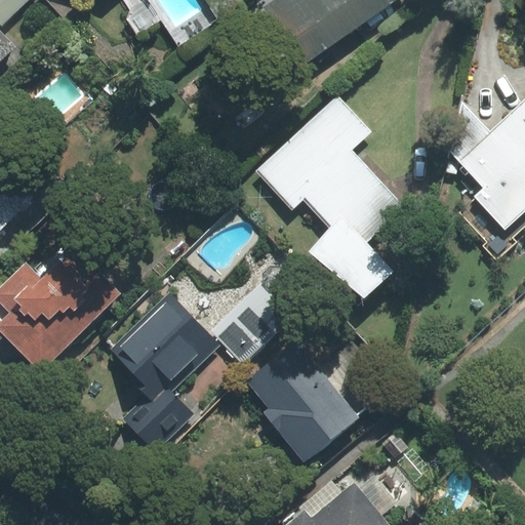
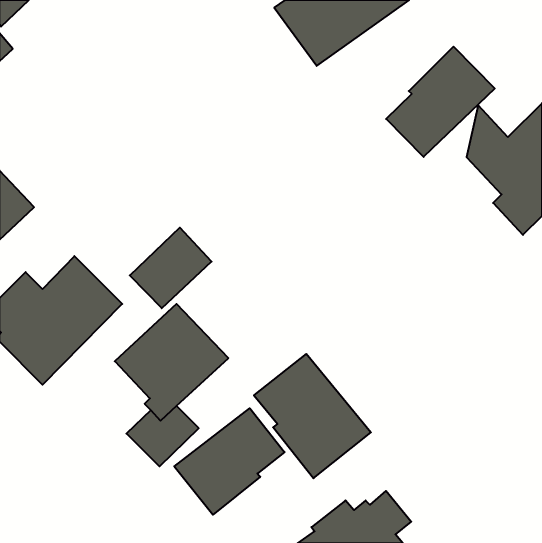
building: none -> [386,47,495,157]
building: [259,96,405,297] -> none
building: [211,285,290,363] -> [130,228,212,308]
building: none -> [174,408,285,515]

